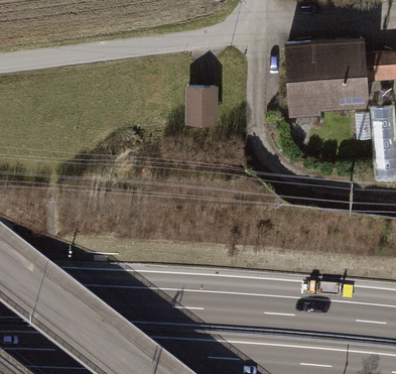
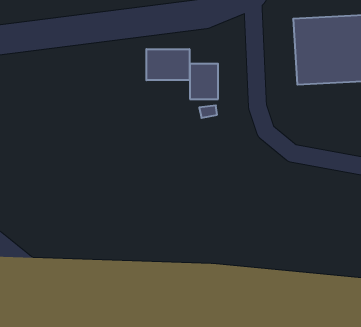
building: none -> [146,49,189,80]

